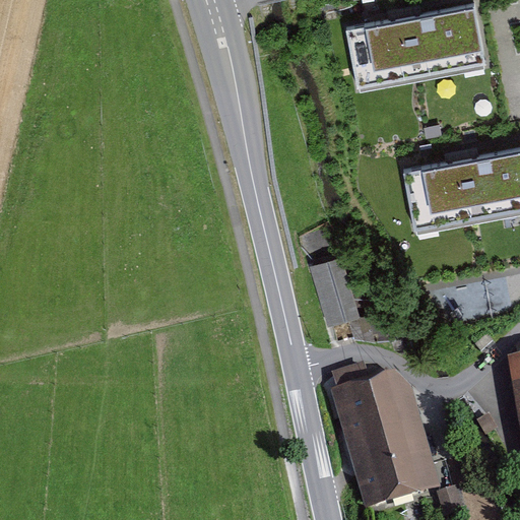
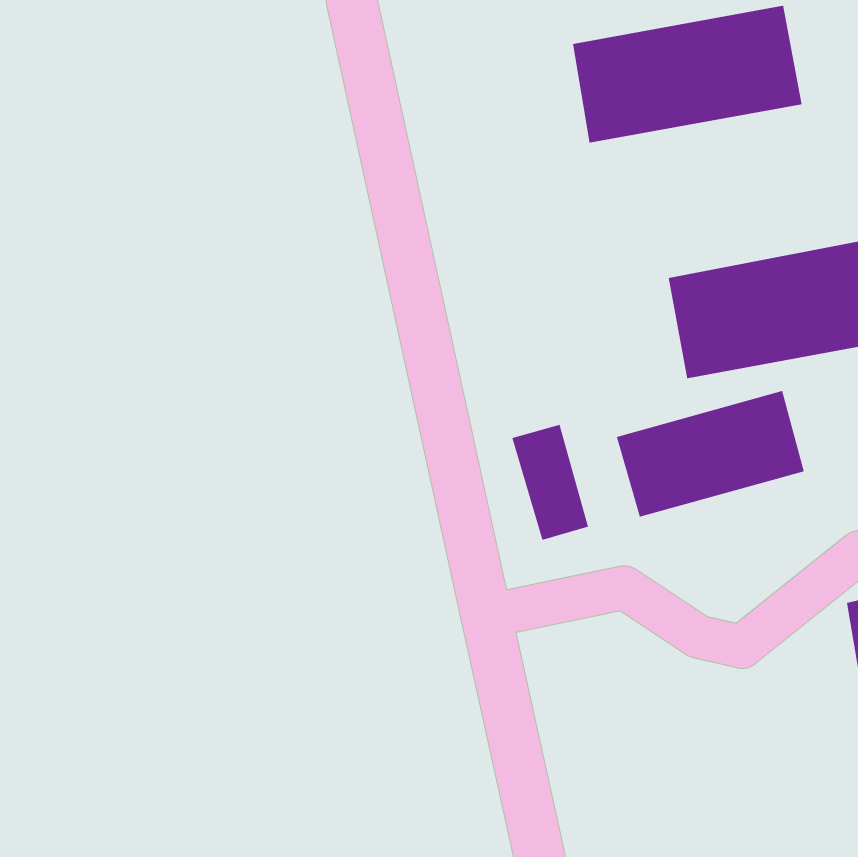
building: none -> [616,390,805,518]
building: [331,373,441,510] -> none

